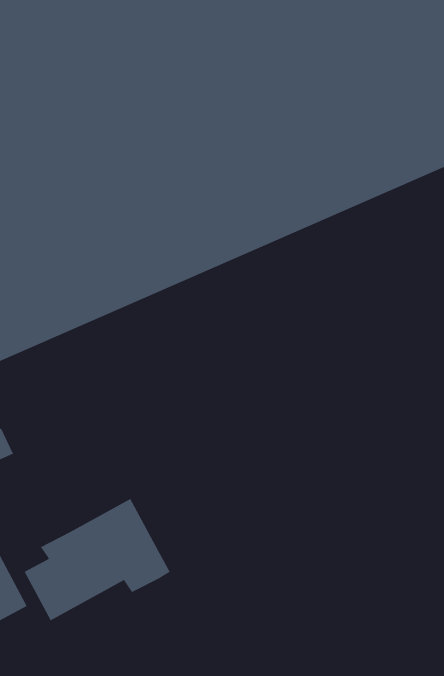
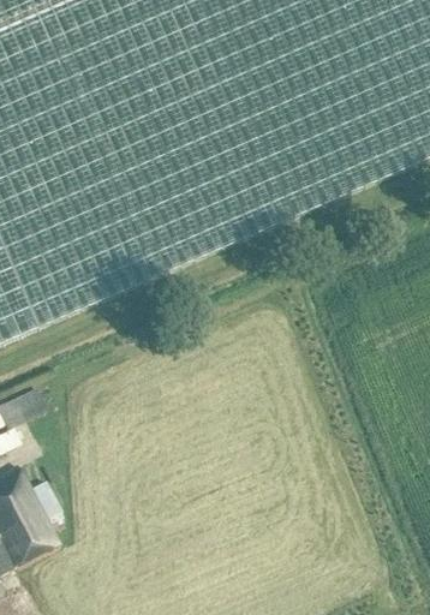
building: [24,498,171,621] -> none

